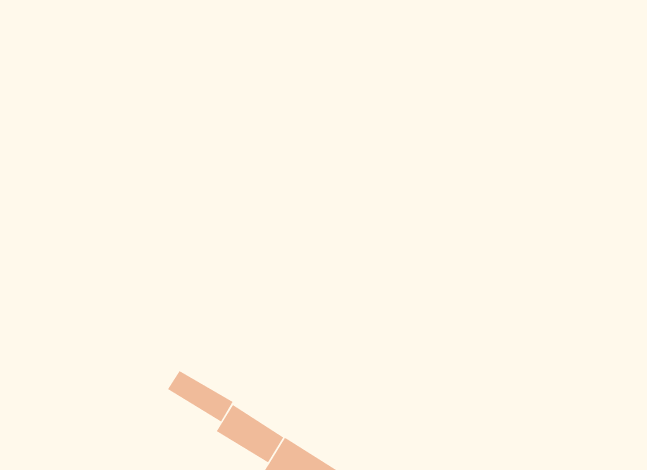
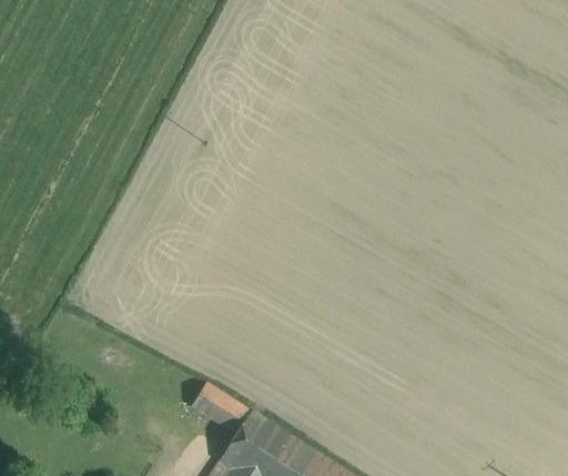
building: [167,370,234,423] -> none

